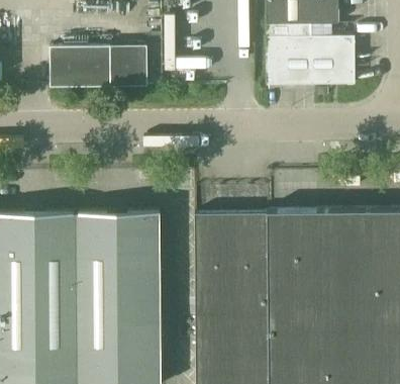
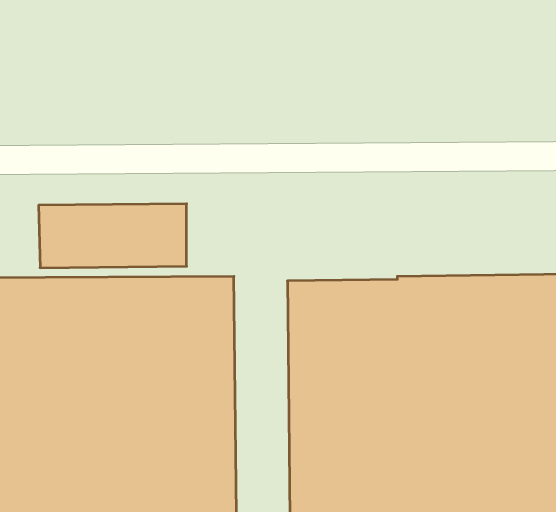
building: [266,36,355,86] -> none
building: [48,46,146,89] -> [39,204,187,268]

